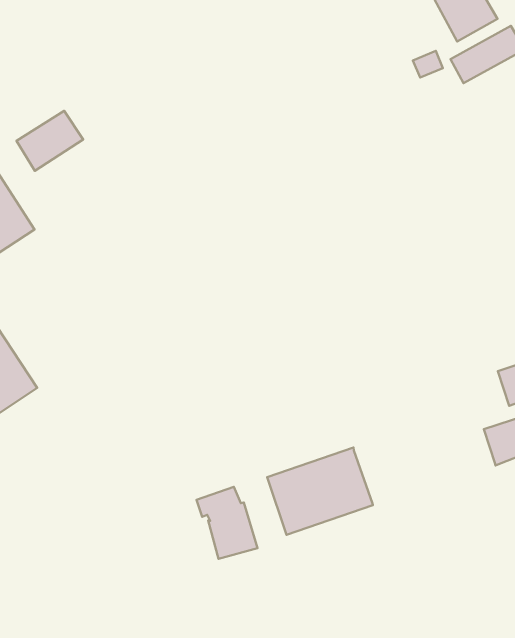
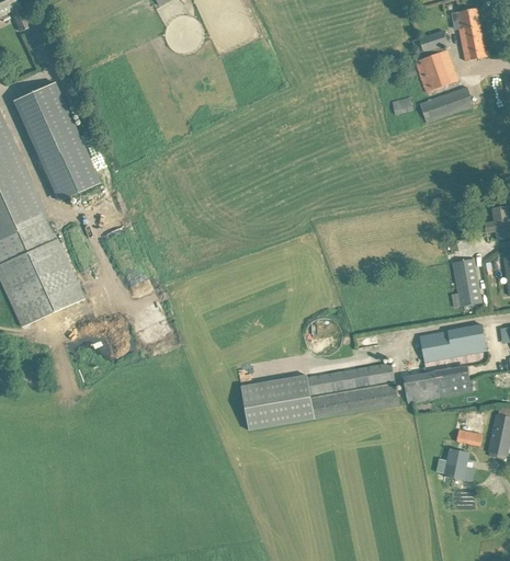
building: [17,111,83,171] -> none
building: none -> [305,362,397,417]
building: [196,487,257,559] -> none

